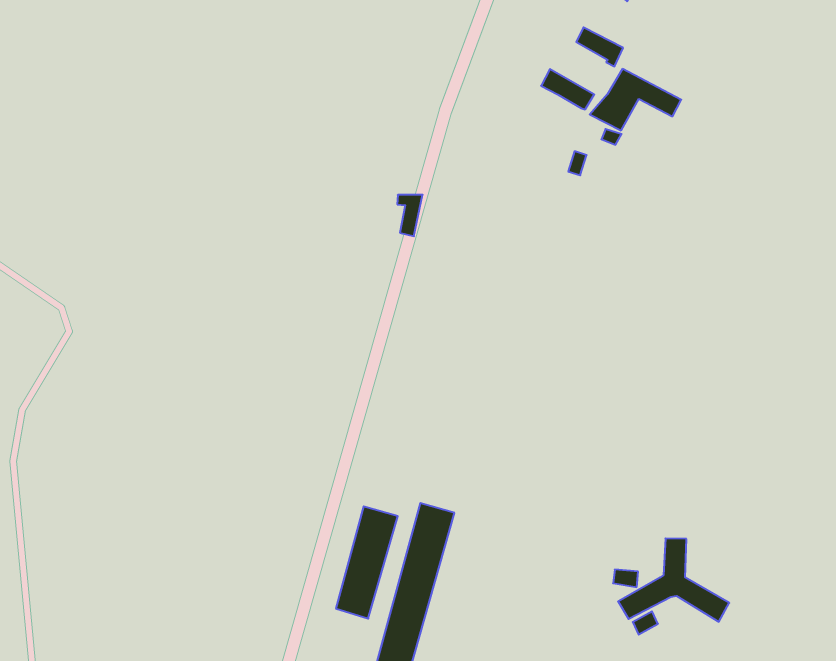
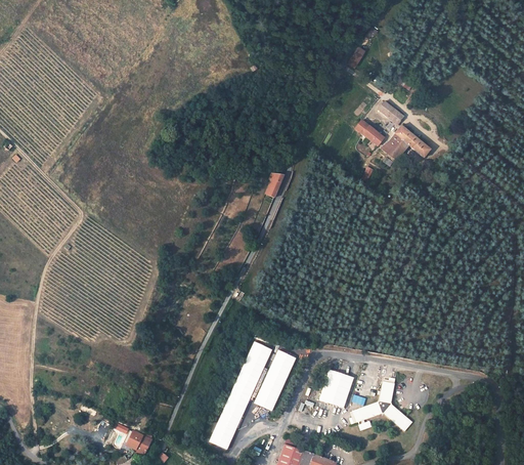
building: [336,506,398,619] -> [255,350,296,411]
building: none -> [320,370,353,407]

